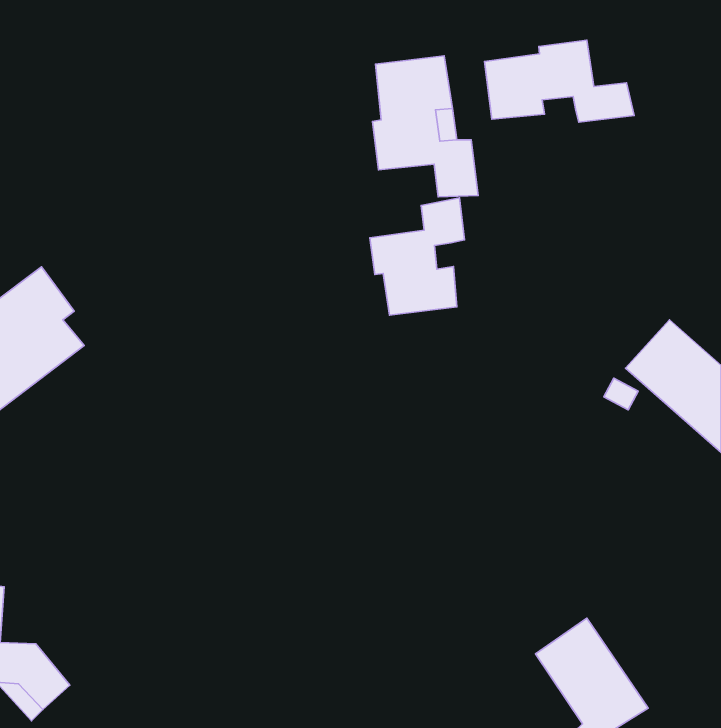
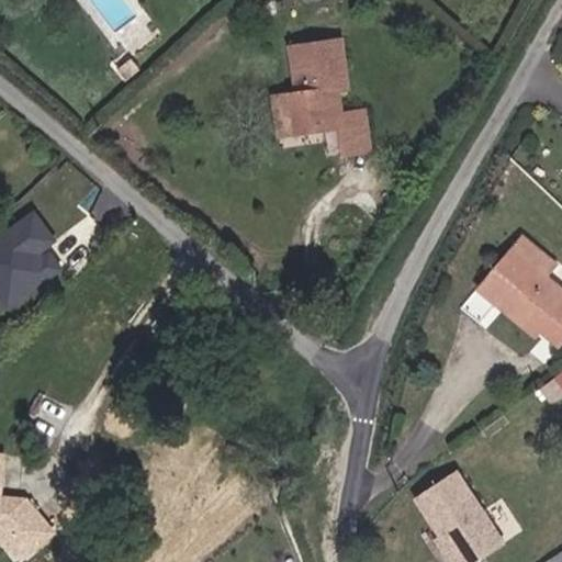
building: [485,40,634,122] -> none
building: [370,198,465,315] -> none

